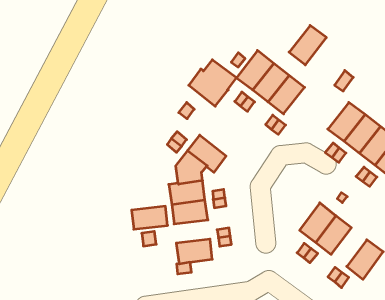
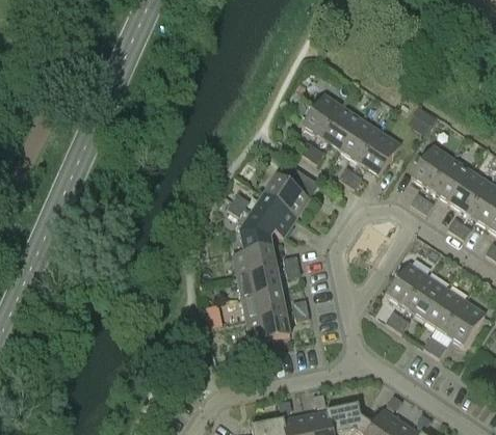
building: [289,25,326,65] -> [359,131,400,176]
building: [189,60,236,106] -> [264,163,318,216]
building: [132,206,168,229] -> [242,291,285,320]
building: none -> [425,288,465,332]

